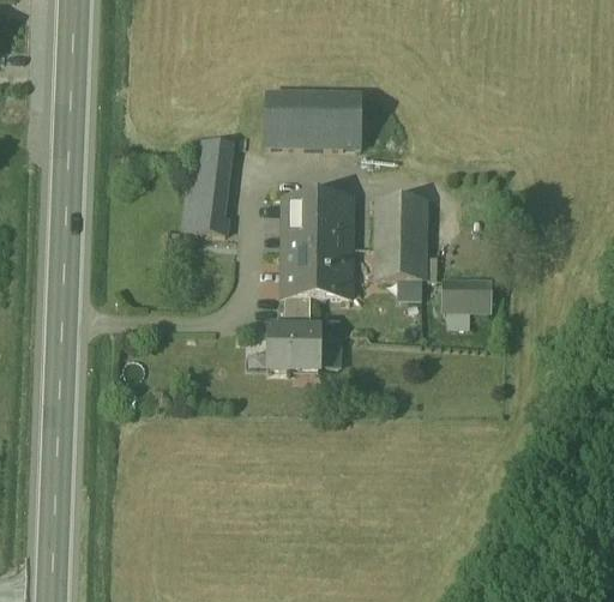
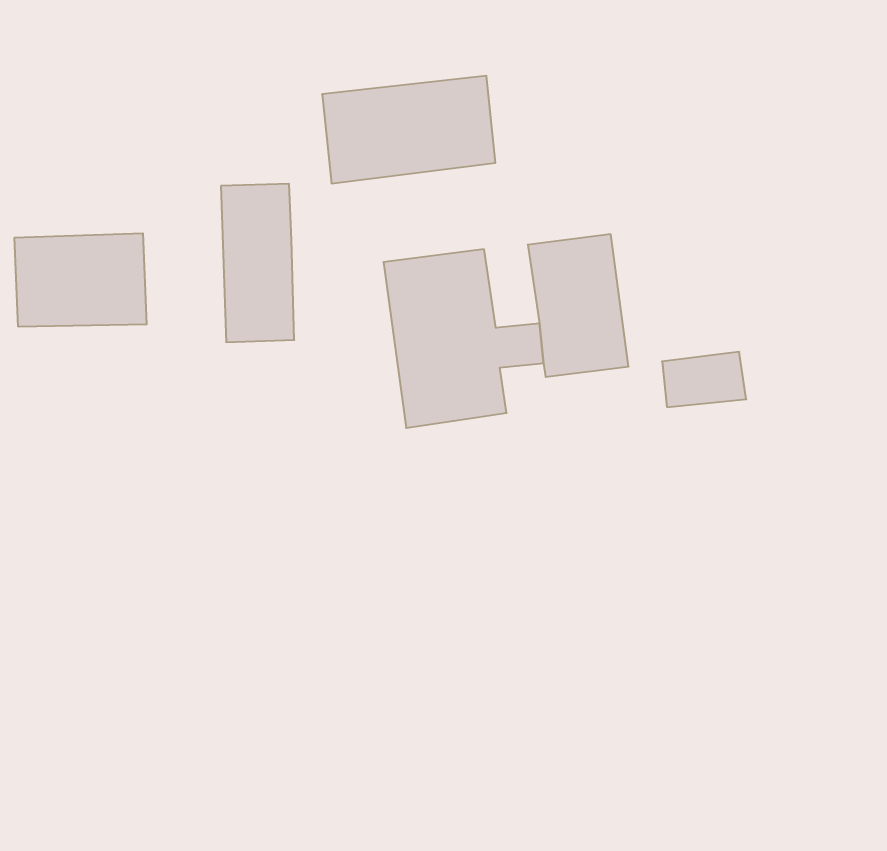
building: none -> [15,233,147,327]
building: [271,296,325,369] -> none

